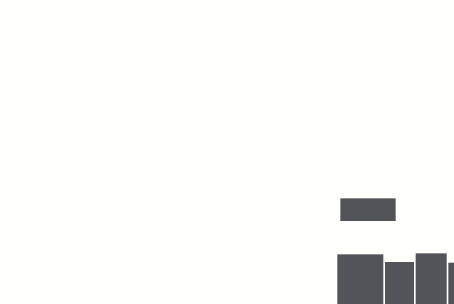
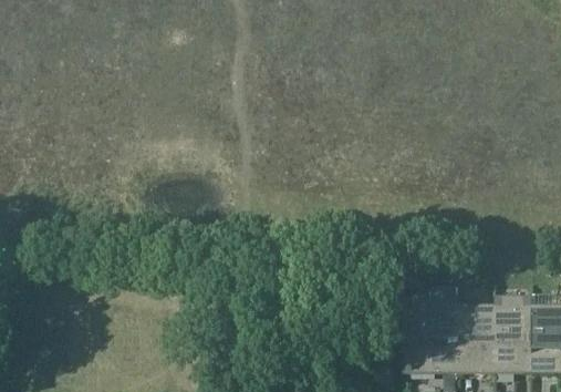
building: [340,197,396,222] -> none

